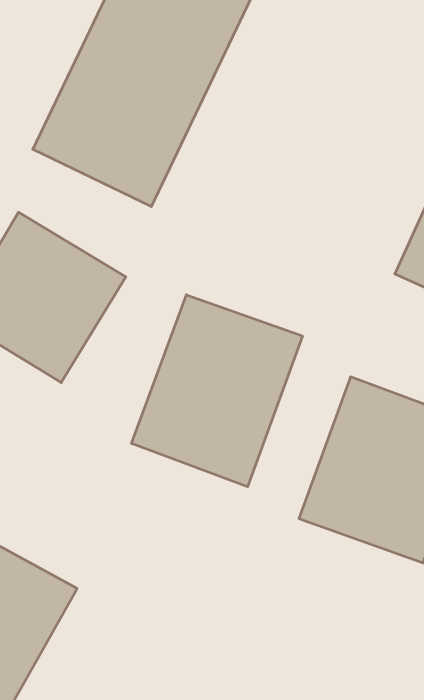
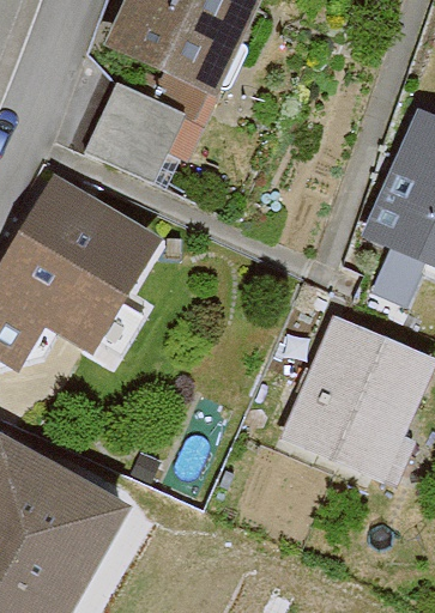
building: [132,295,302,487] -> none

